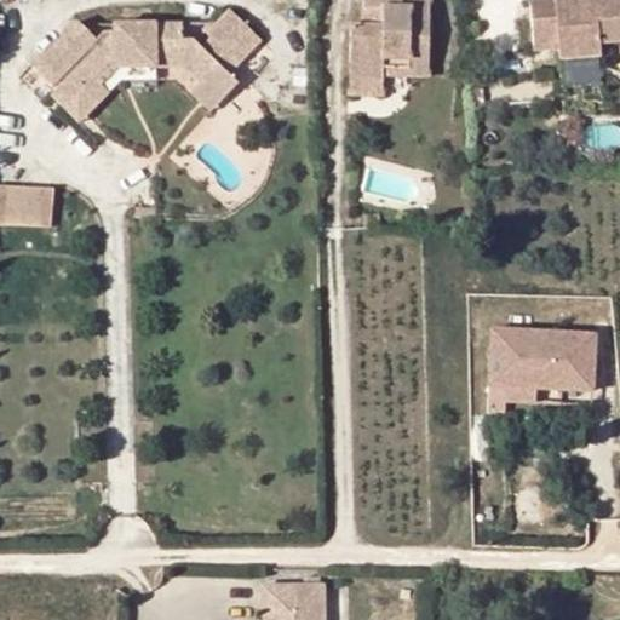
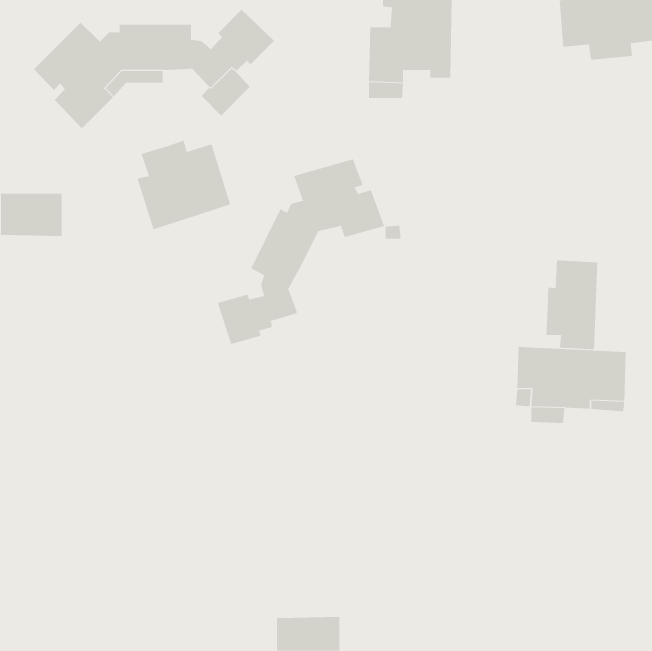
building: none -> [137,140,231,230]
building: none -> [217,158,385,345]
building: none -> [546,260,598,350]

